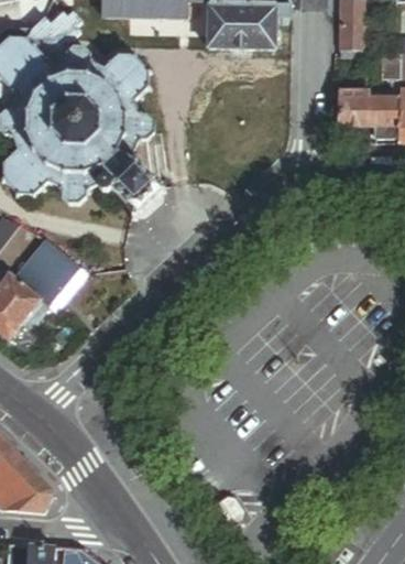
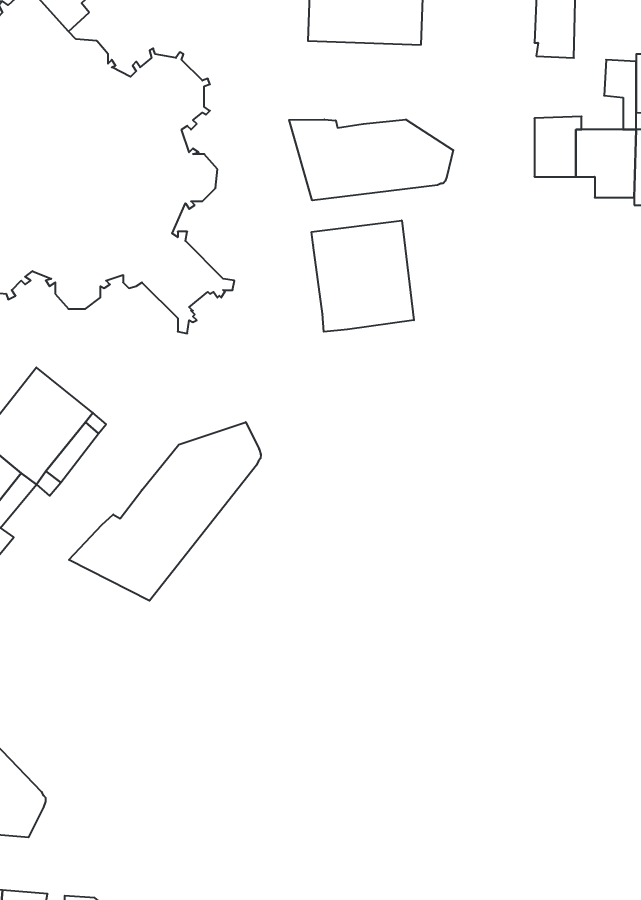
building: none -> [289,119,453,200]
building: none -> [312,220,414,332]
building: none -> [69,422,261,601]

